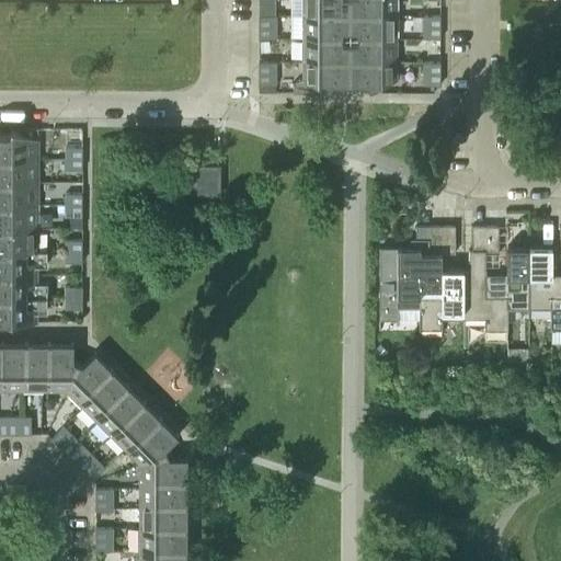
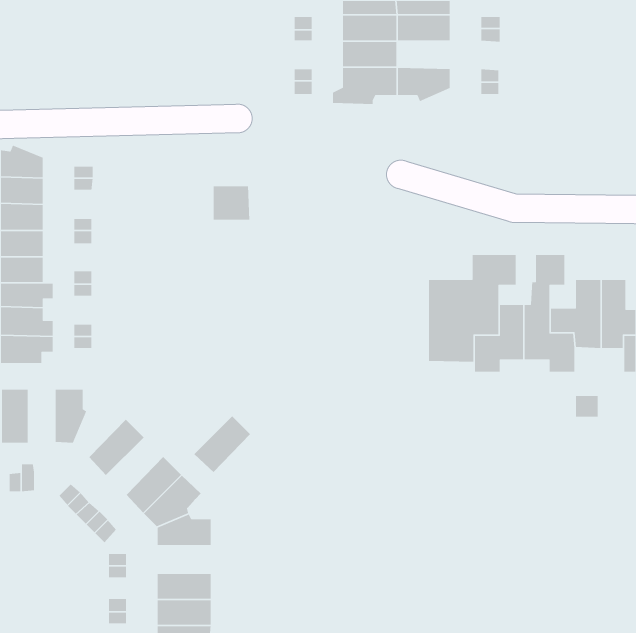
building: [350,39,397,64] -> none
building: [25,345,48,393] -> none
building: [65,354,111,405] -> none
building: [93,388,144,438] -> [194,415,251,473]
building: [138,483,186,507] -> none

